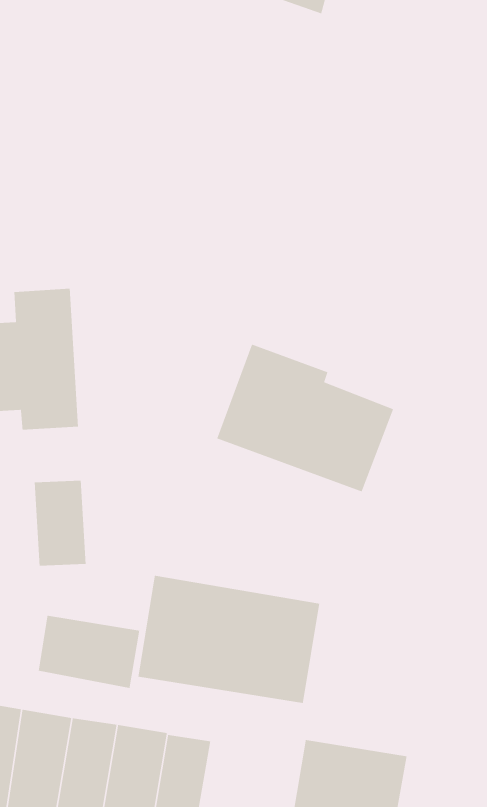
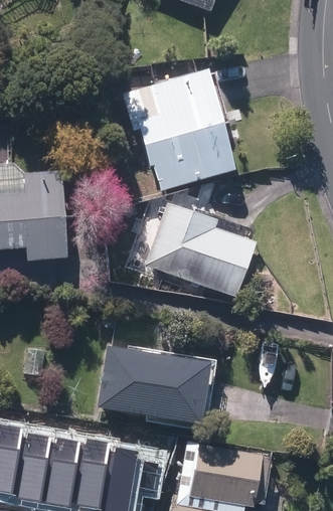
building: none -> [139,72,232,188]
building: [34,480,86,567] -> none
building: [38,615,140,689] -> none

